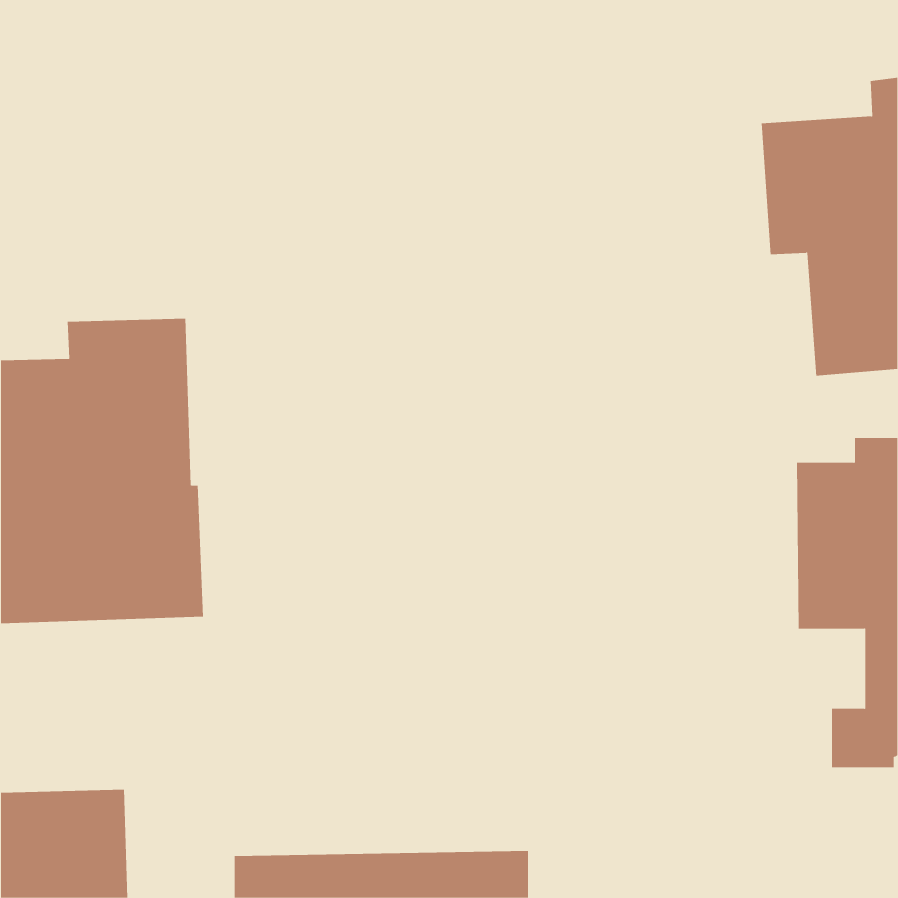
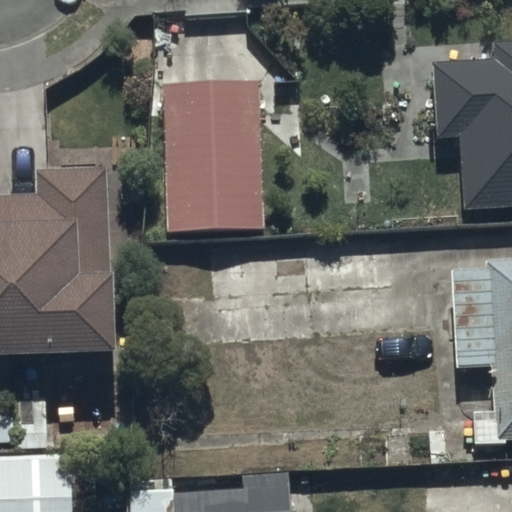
building: none -> [162,86,265,238]

